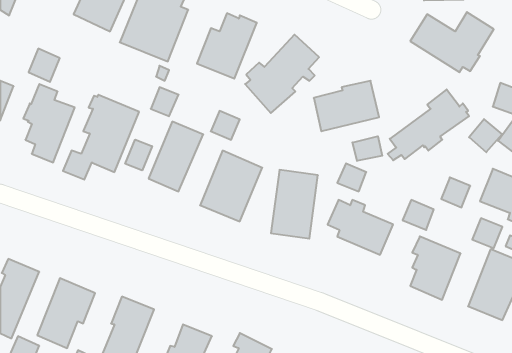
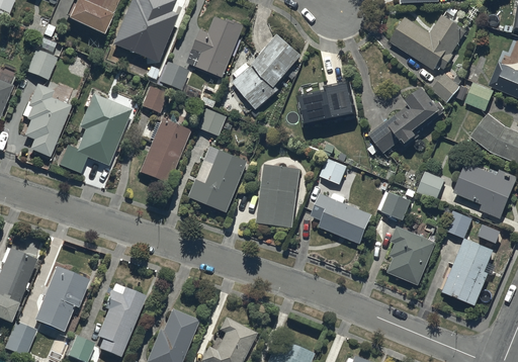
building: none -> [160,60,190,90]
building: [469,119,502,152] -> [430,72,461,103]
building: [352,136,382,161] -> none
building: [125,140,152,170] -> none

